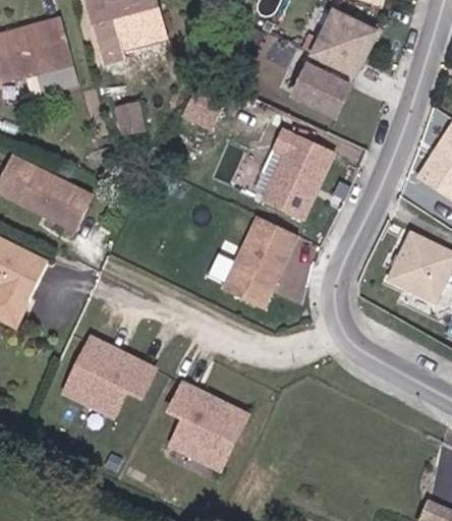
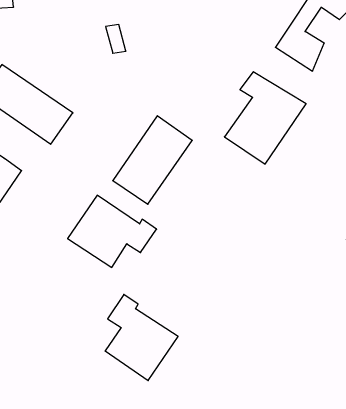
building: [229,223,305,315] -> [113,116,192,204]
building: [58,337,149,409] -> [68,195,157,267]

